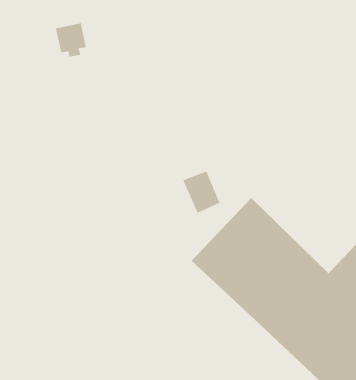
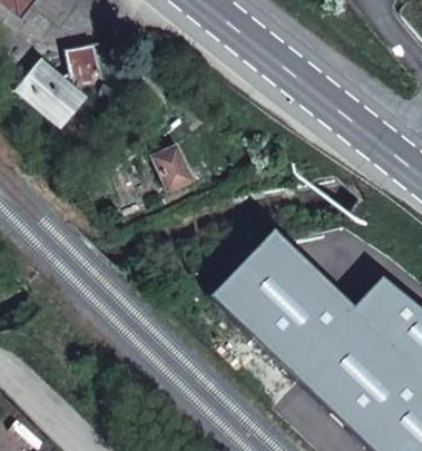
building: none -> [16,59,85,125]
building: [182,170,220,214] -> [153,145,193,190]

